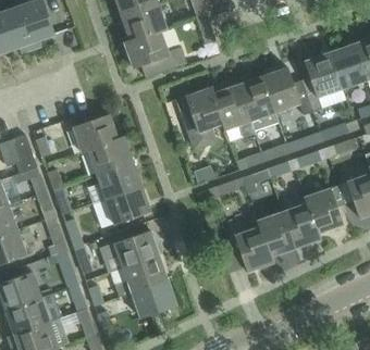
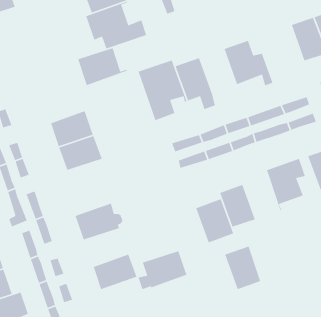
building: [301,52,343,111] -> none
building: [238,76,280,134] -> none
building: [73,114,124,153] -> [77,47,128,86]
building: [91,187,150,228] -> none
building: [282,203,319,248] -> [224,246,261,290]
building: [118,257,168,297] -> [137,250,187,290]

